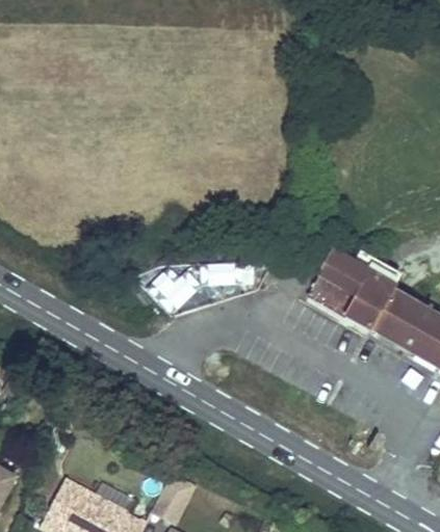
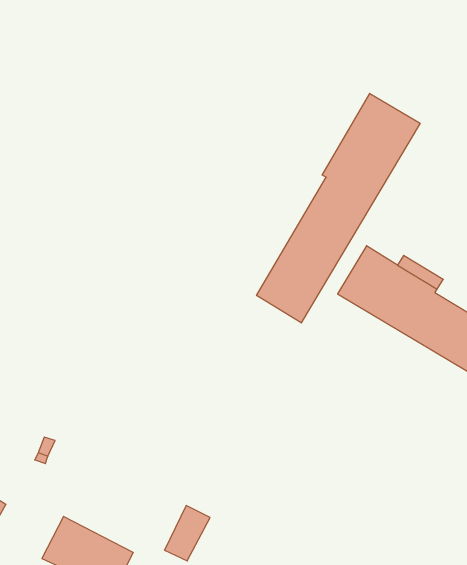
building: none -> [257,93,420,323]

